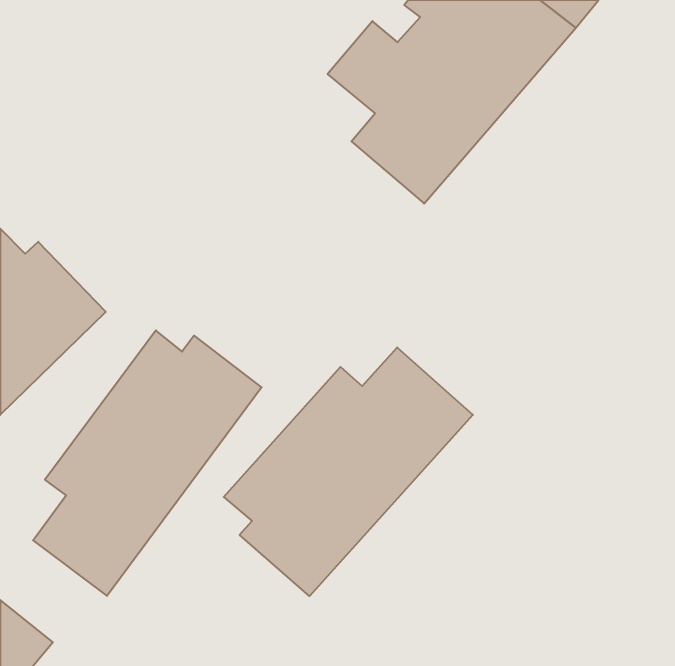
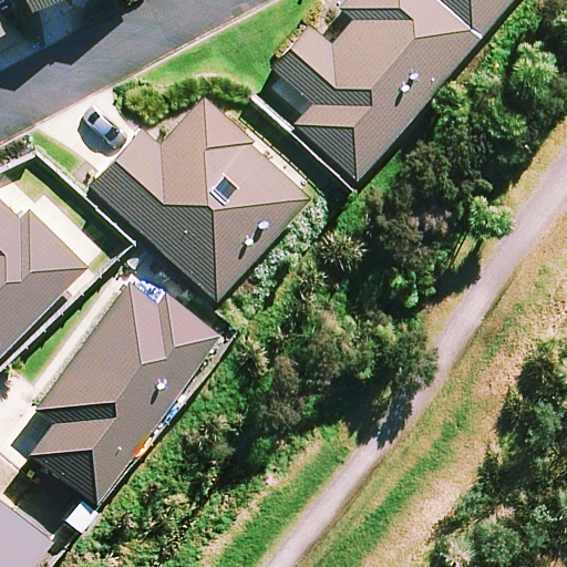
building: none -> [92,99,309,299]
building: [224,347,473,596] -> none

